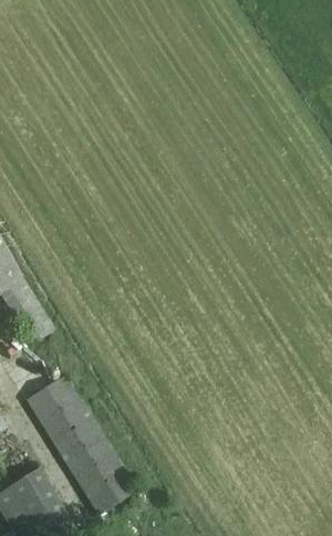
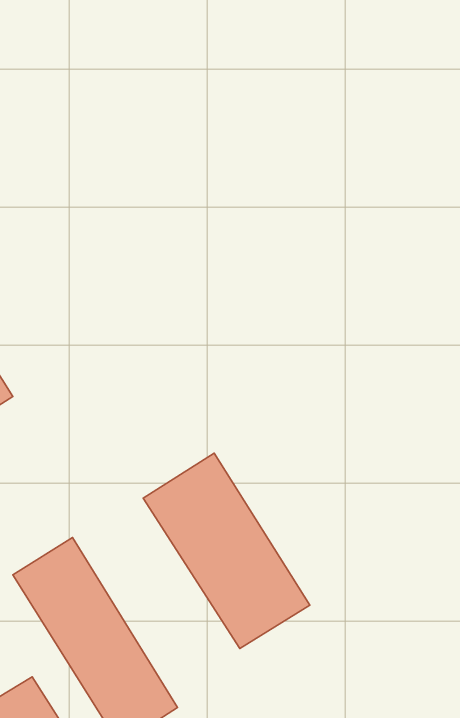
building: none -> [143,453,310,649]

